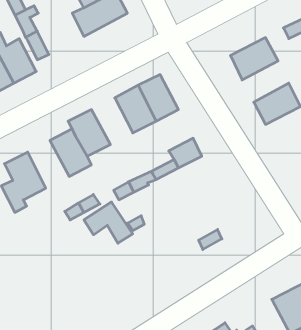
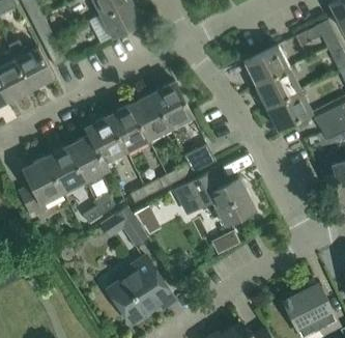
building: none -> [255,68,300,109]
building: none -> [108,105,148,150]
building: none -> [46,146,86,193]
building: none -> [174,172,254,224]
building: none -> [110,257,172,323]

